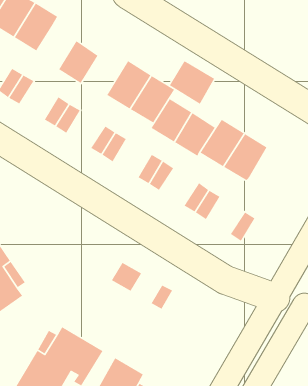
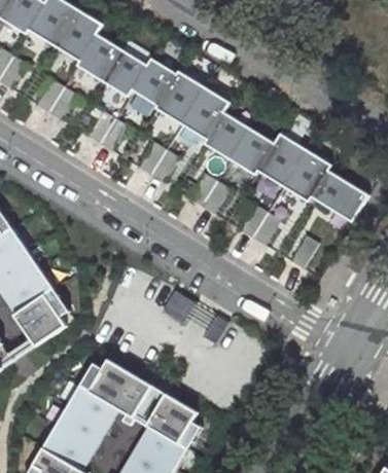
building: none -> [77,34,122,81]
building: none -> [132,59,177,106]
building: [169,60,215,105] -> none
building: none -> [312,171,368,223]

